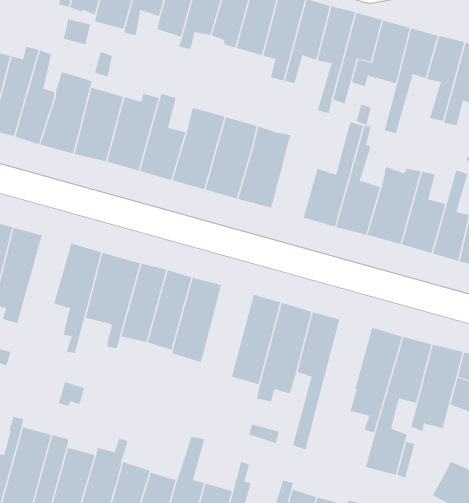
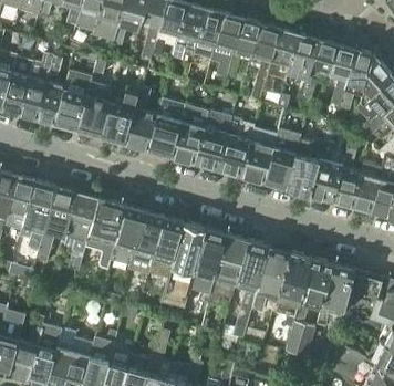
building: none -> [218,118,255,176]
building: none -> [35,188,75,265]
building: none -> [160,223,205,310]
building: none -> [251,248,289,310]

